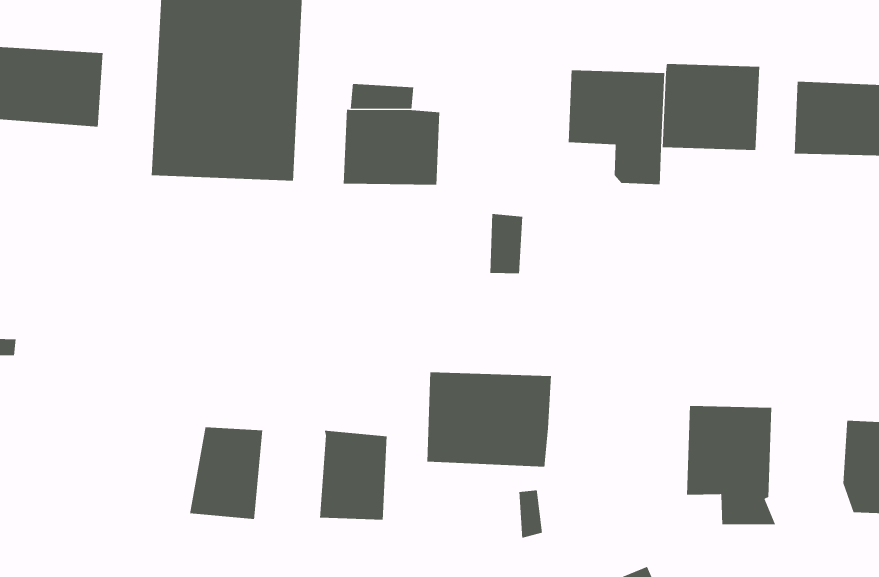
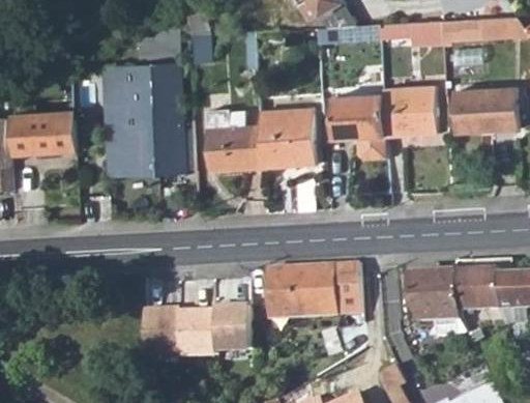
building: none -> [259,108,314,166]
building: none -> [334,263,359,311]
building: none -> [457,267,499,346]
building: none -> [179,309,215,358]

